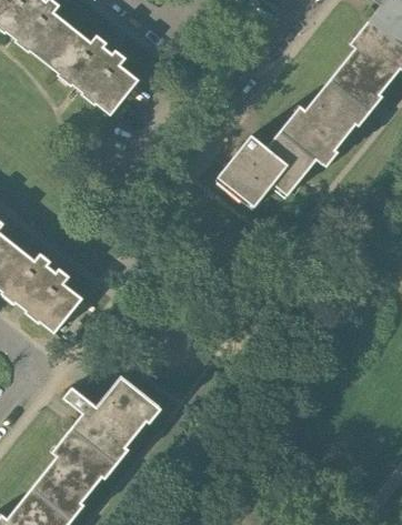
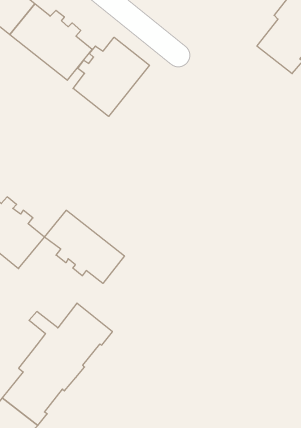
building: none -> [73,37,149,116]
building: [215,77,371,204] -> none
building: none -> [44,210,124,283]

